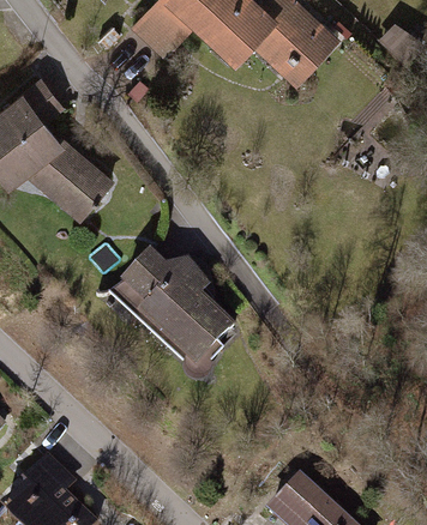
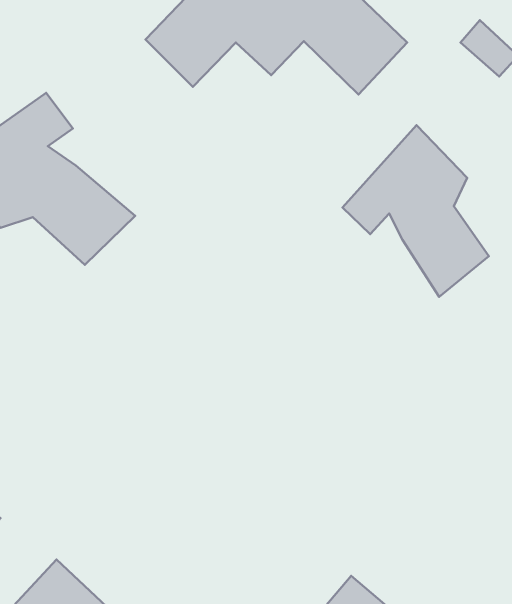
building: none -> [342,125,489,297]
building: [107,245,245,372] -> none

